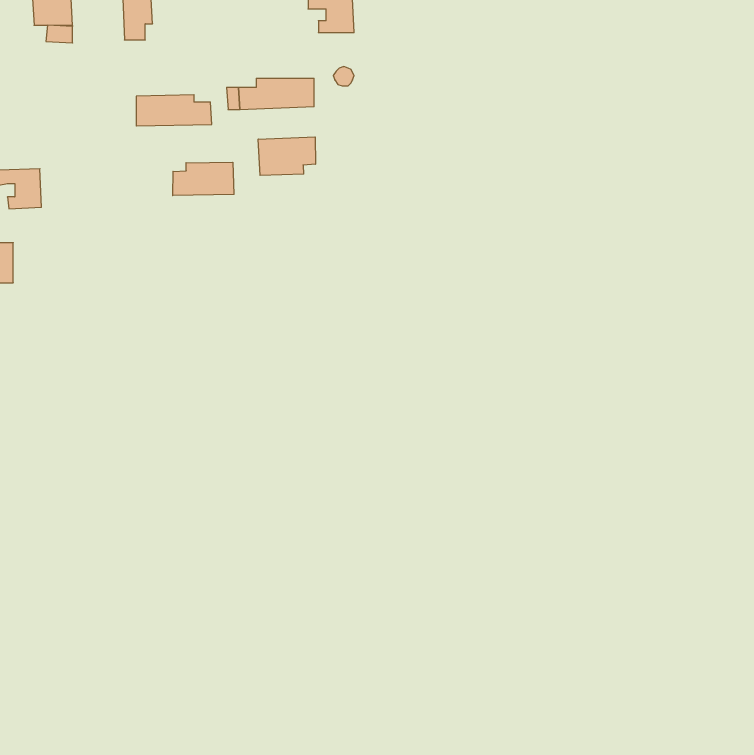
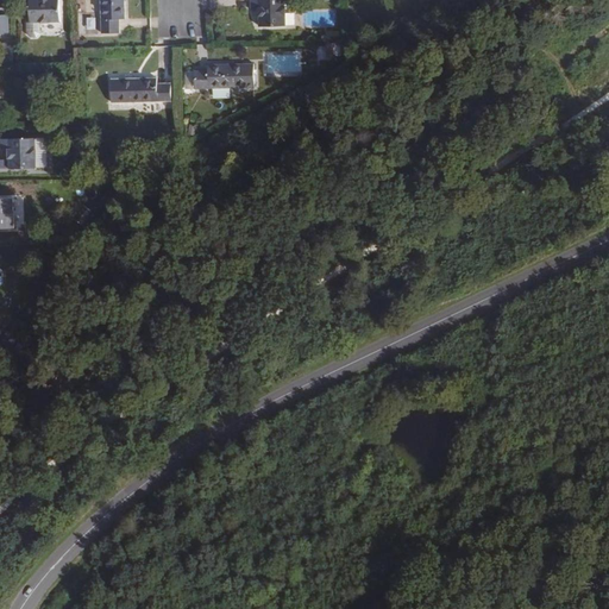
building: [258,137,315,175] -> none
building: [173,162,234,196] -> none

